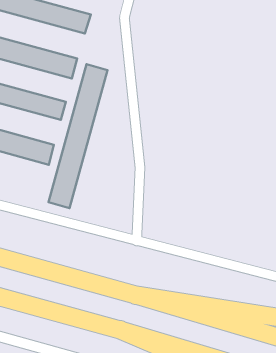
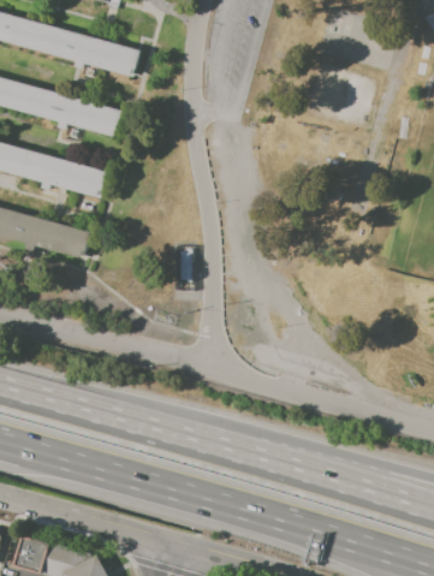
building: [49,64,107,208] -> none

